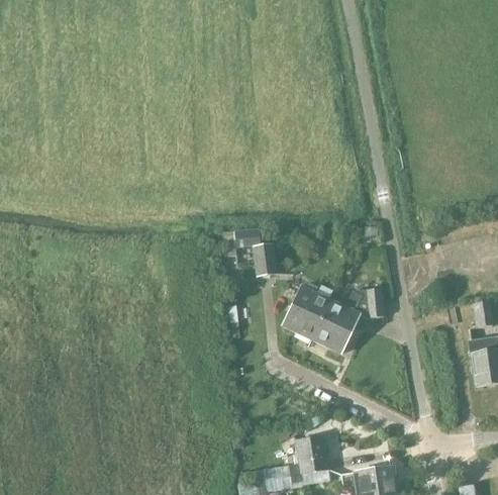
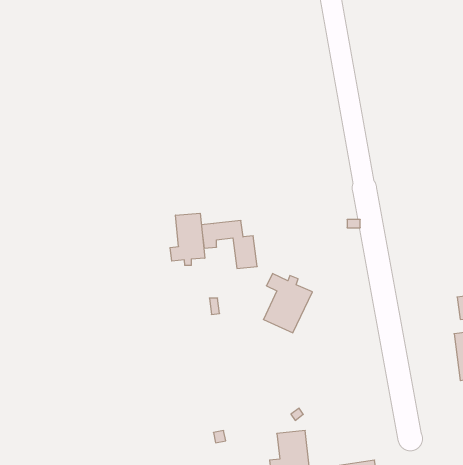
building: none -> [170,213,205,265]
building: [312,288,384,353] -> none

